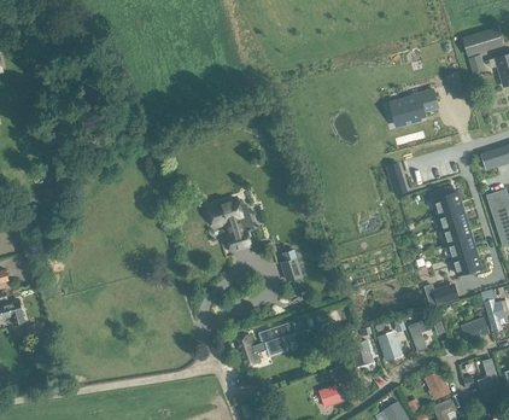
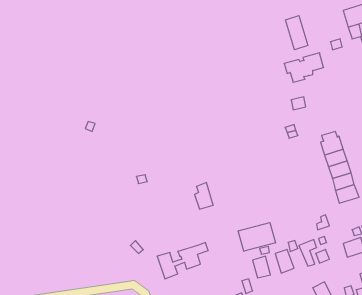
building: none -> [286,16,308,50]
building: [209,197,255,252] -> none
building: none -> [238,223,276,251]

